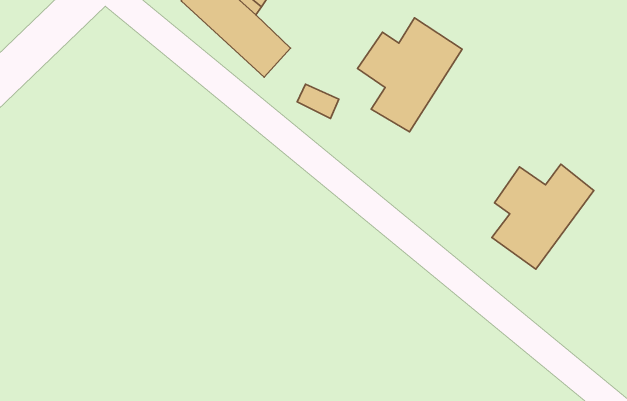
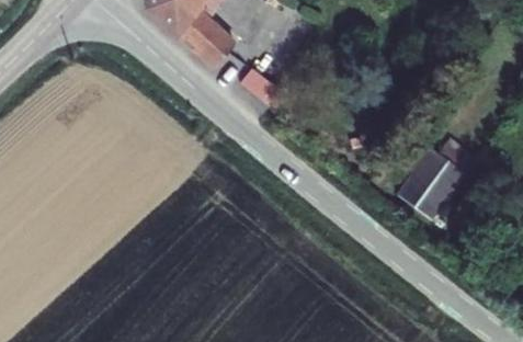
building: [358,18,462,132] -> none

